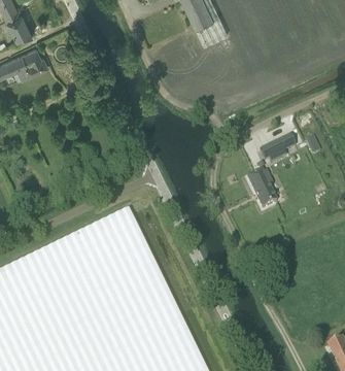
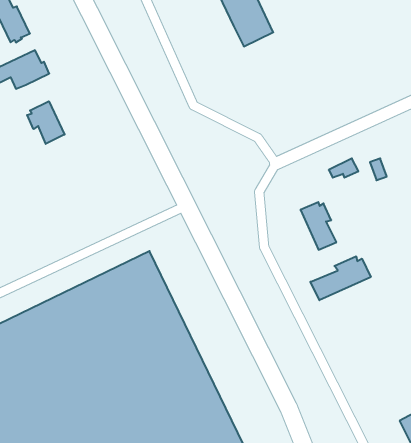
building: none -> [27,101,65,144]
building: none -> [310,256,371,300]

